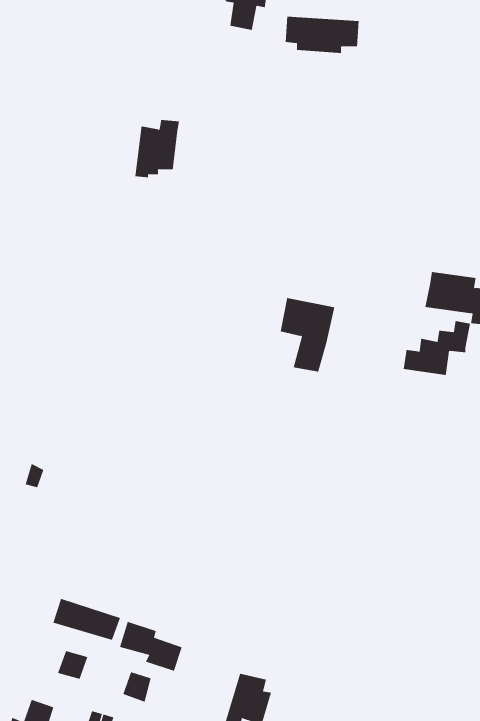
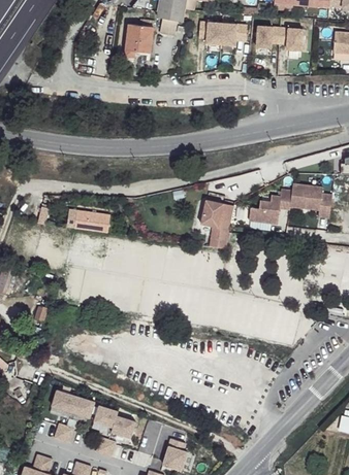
building: none -> [256,26,303,49]
building: [134,119,180,178] -> [125,19,154,56]
building: none -> [73,209,108,231]
building: [403,320,471,376] -> [248,189,291,224]

